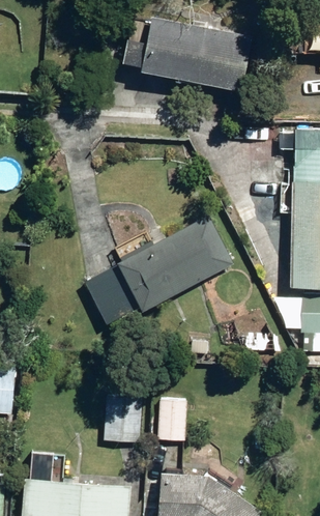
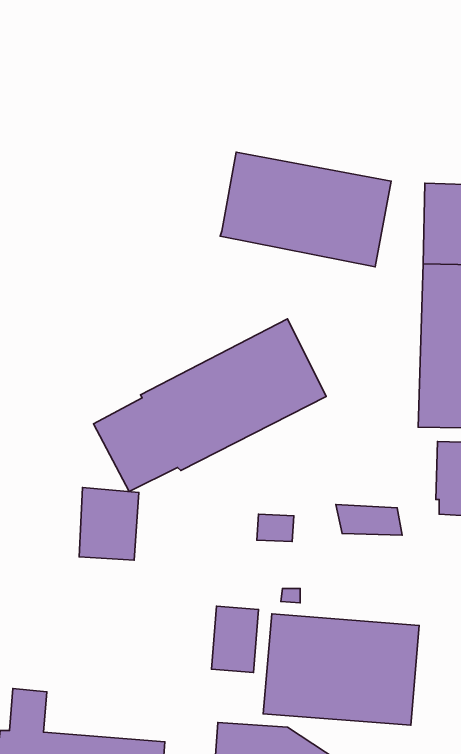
building: [139,18,249,91] -> [220,152,391,267]
building: [104,396,142,442] -> [79,488,139,560]
building: none -> [263,614,419,725]

